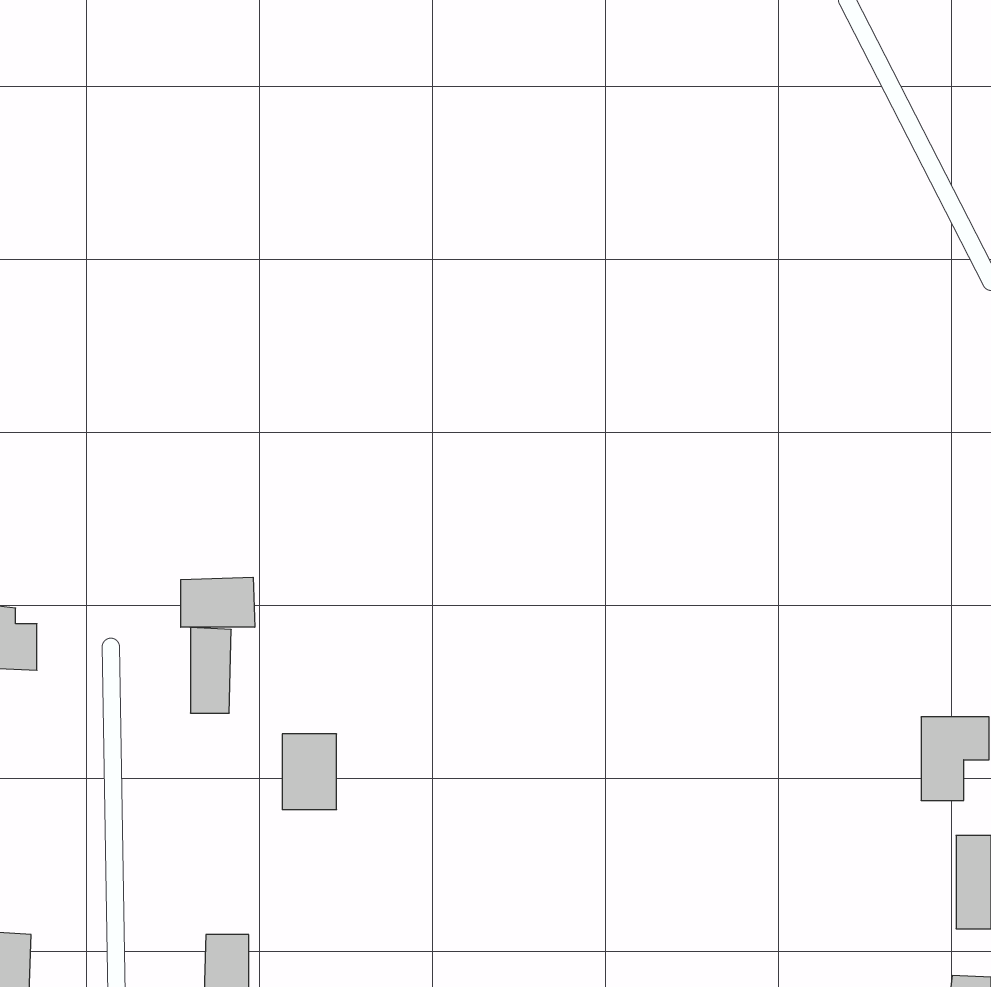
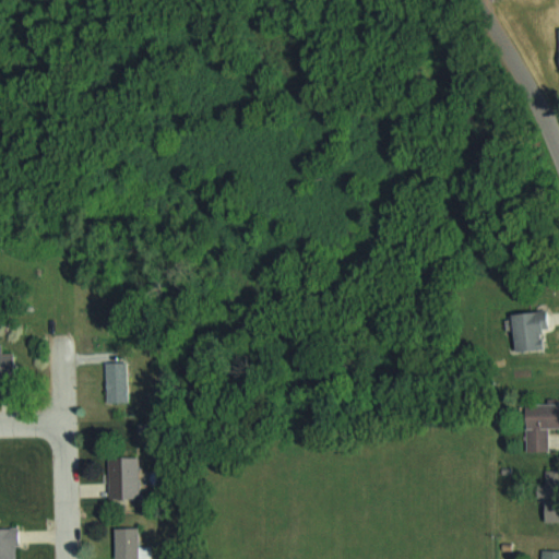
building: none -> [506,313,540,353]
building: [181,577,255,627] -> none
building: [282,734,337,810] -> [109,457,140,500]

